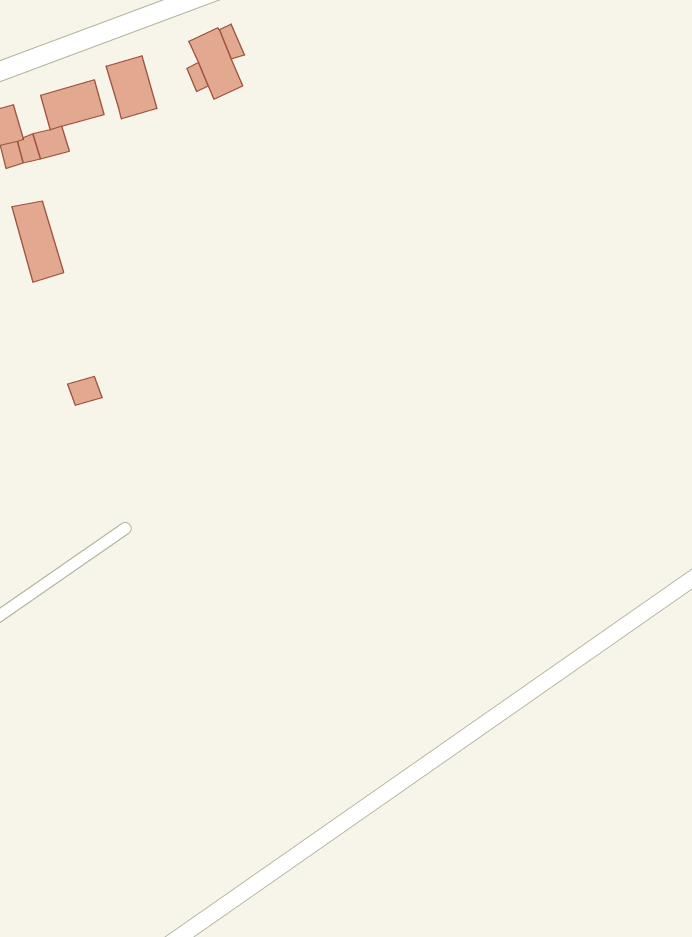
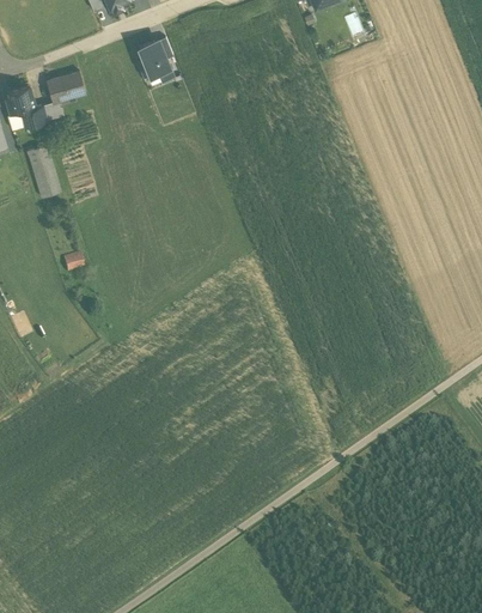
building: [106,56,157,119] -> none

